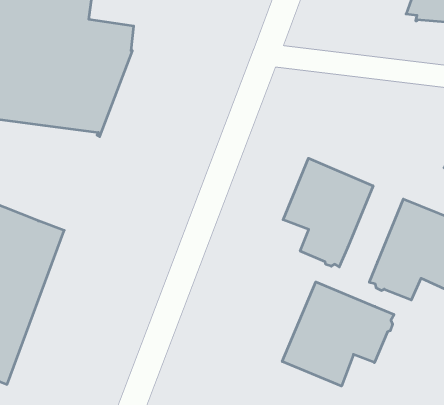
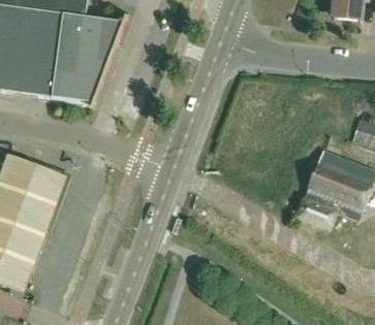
building: [283,158,373,267] -> none
building: [282,282,394,386] -> none

